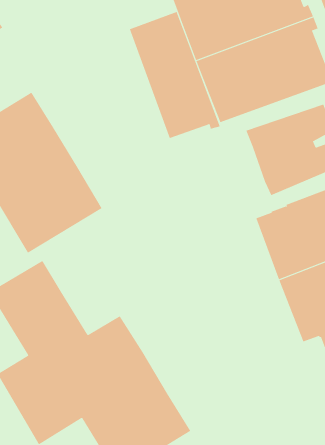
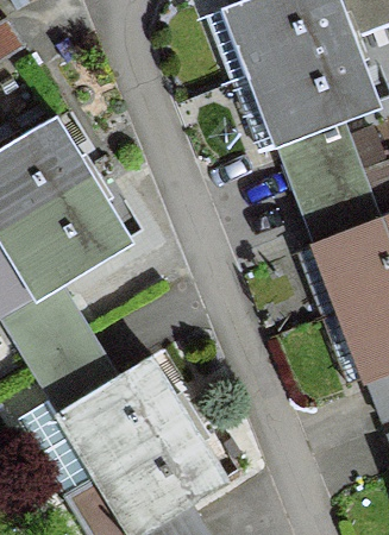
building: [129,11,220,139] -> none

